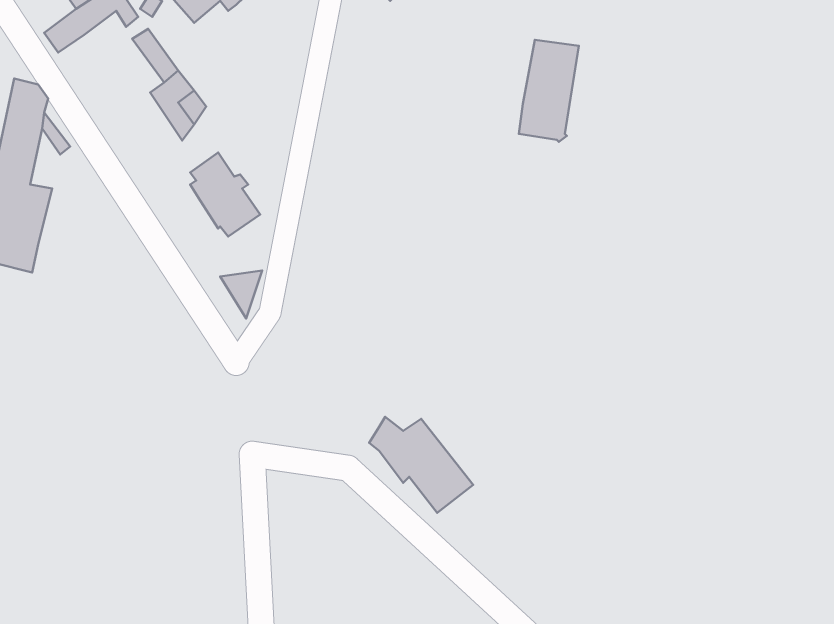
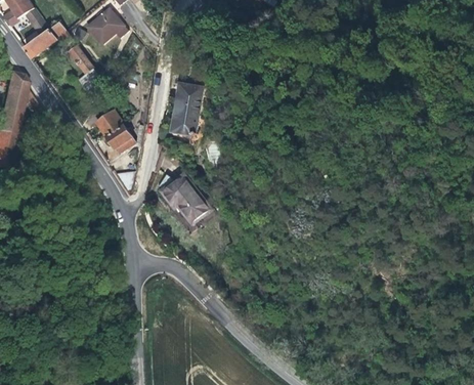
building: [519,40,579,142] -> [172,83,203,135]
building: [369,417,473,513] -> [157,173,210,222]

